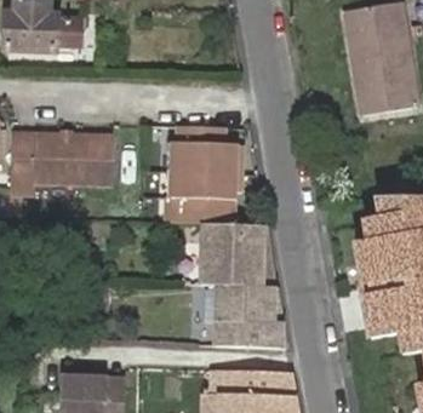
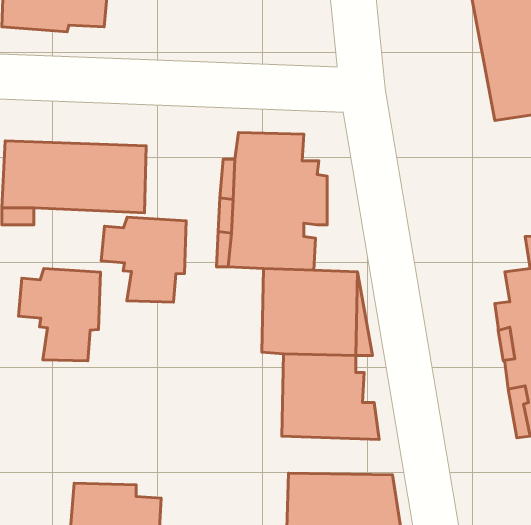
building: none -> [101,217,186,302]
building: none -> [18,269,100,361]

